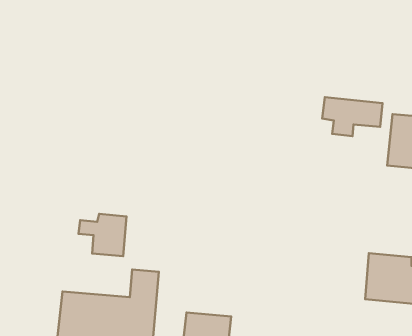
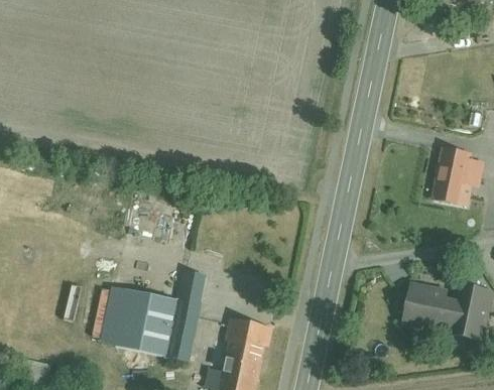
building: [322,97,383,136] -> none
building: [79,214,127,256] -> none

